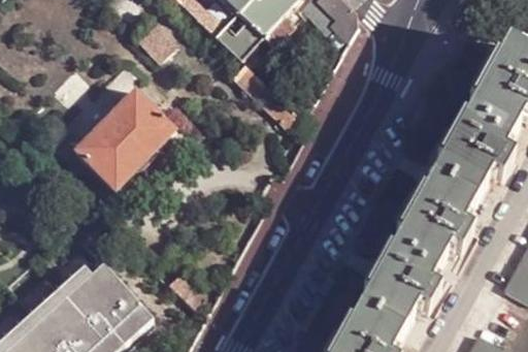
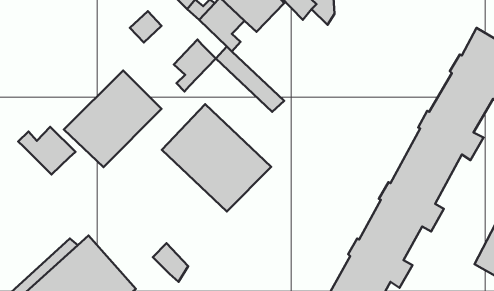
building: none -> [174,40,216,91]
building: none -> [162,104,271,212]
building: none -> [18,127,75,175]

